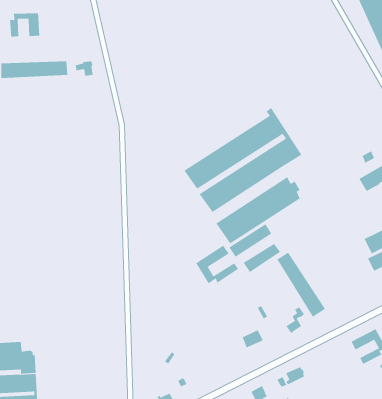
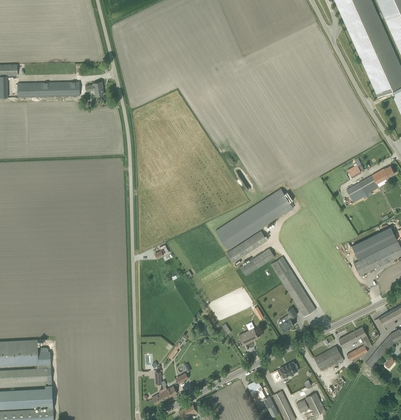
building: [9,13,40,37] -> none
building: [183,107,302,213] -> none
building: [196,245,239,284] -> none
building: none -> [314,346,344,371]

